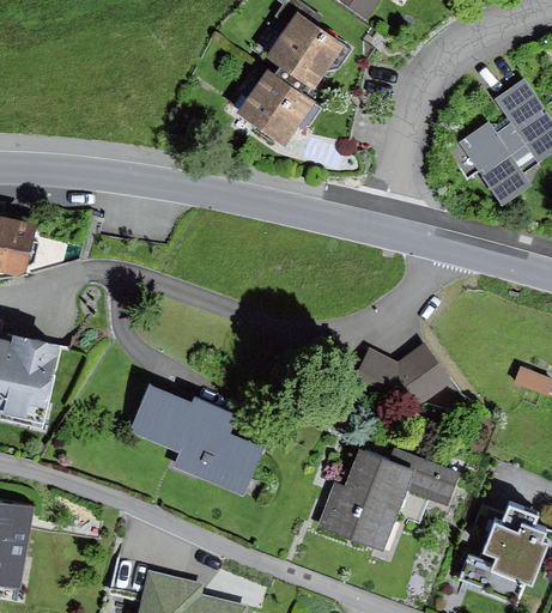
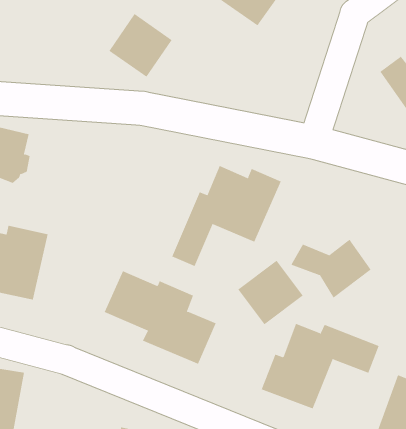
building: [237,69,315,147] -> [108,13,173,78]
building: none -> [171,165,281,267]
building: none -> [238,260,303,325]

